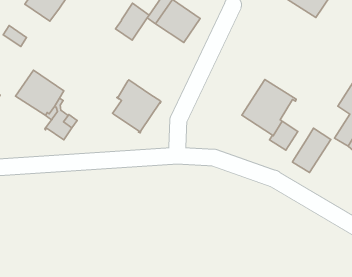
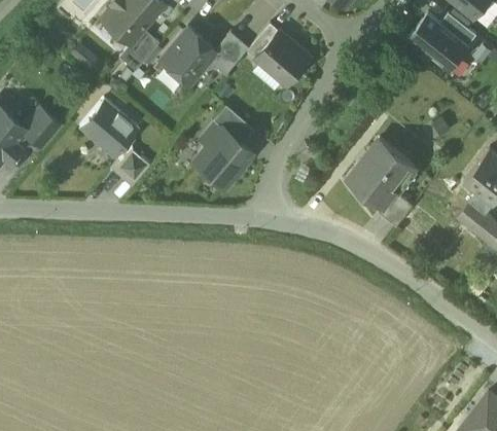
building: none -> [161,28,216,84]
building: none -> [118,29,159,71]
building: none -> [213,106,254,144]
building: [292,128,331,173] -> none

